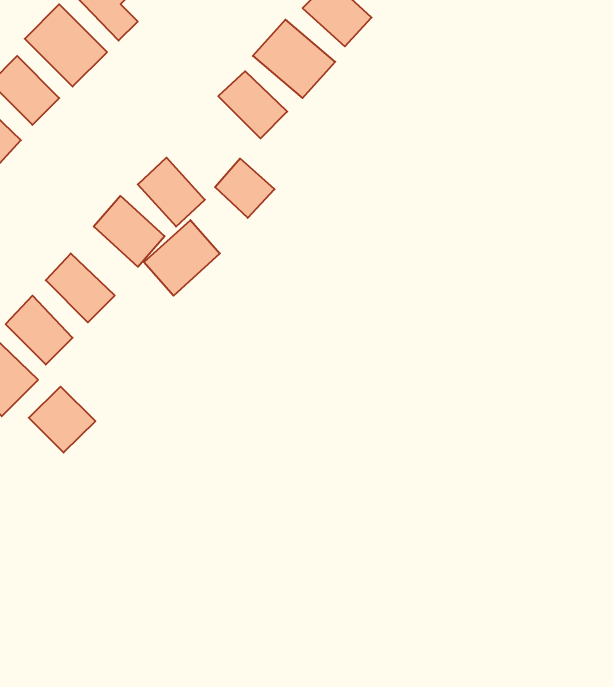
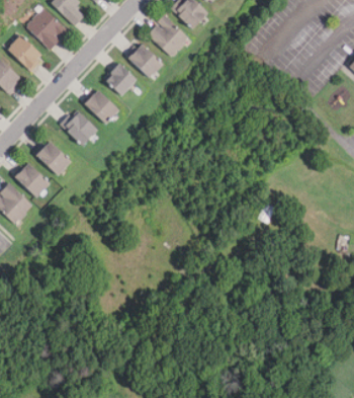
building: [215,159,275,218] -> [105,63,137,94]
building: [144,220,220,296] -> none
building: [29,387,95,453] -> none

